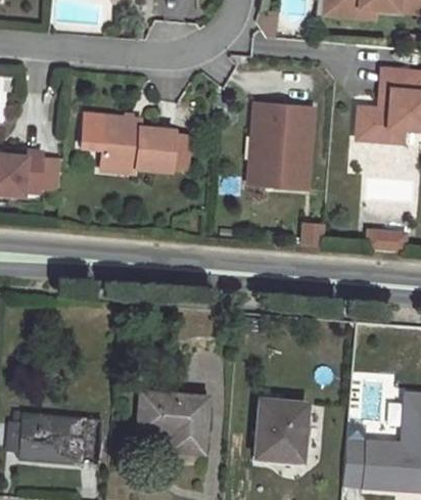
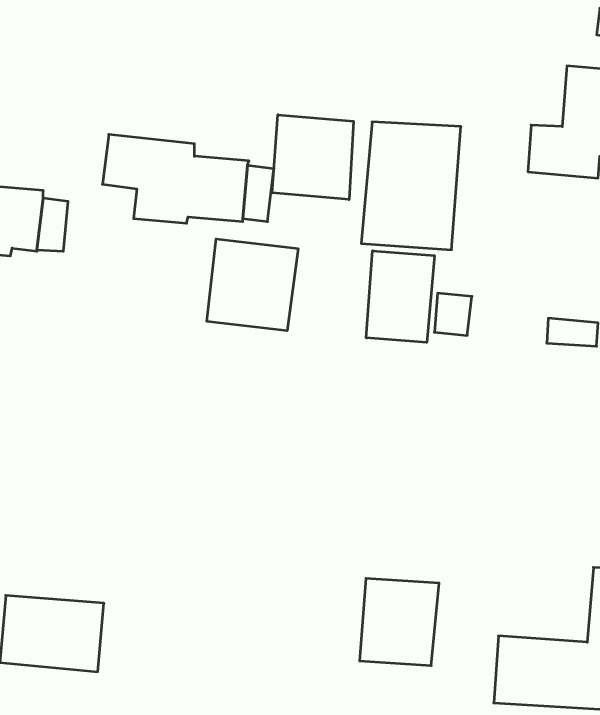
building: none -> [272,115,353,200]
building: none -> [207,239,298,331]
building: none -> [366,251,434,342]
building: [132,395,200,458] -> none

